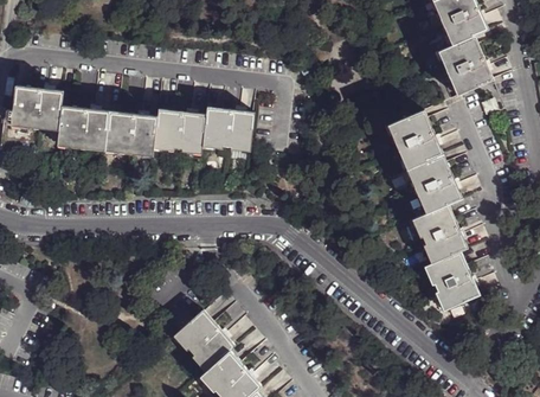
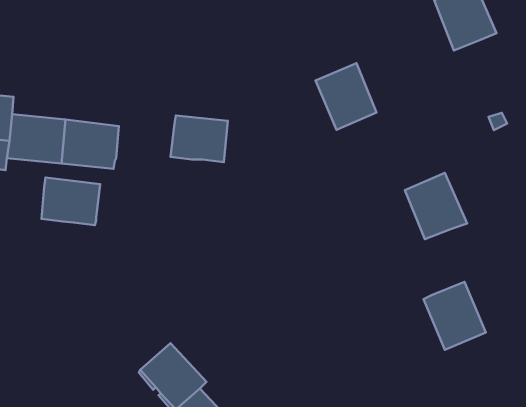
building: [438,38,494,98] -> none
building: [150,107,202,149] -> [42,177,100,225]
building: [388,113,443,172] -> [315,63,377,130]
building: [413,206,467,265] -> none

